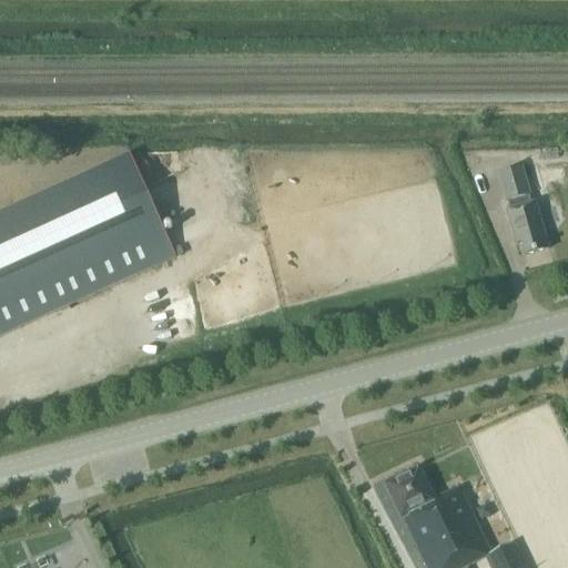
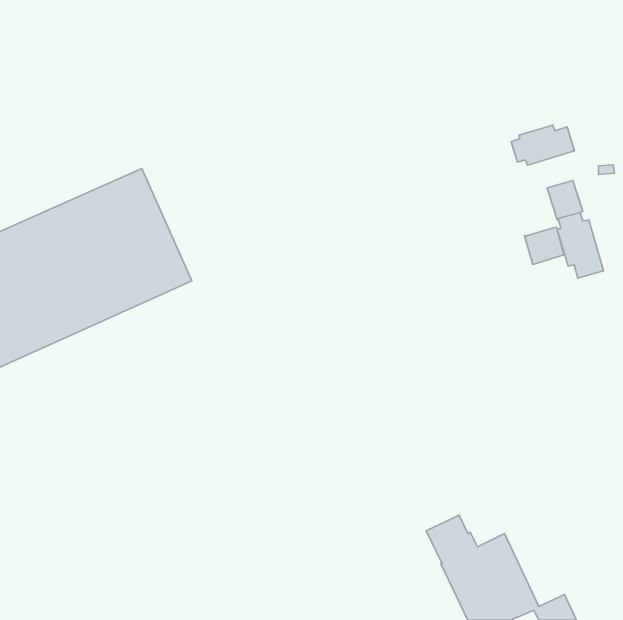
building: none -> [511,125,575,165]
building: none -> [525,227,564,264]

